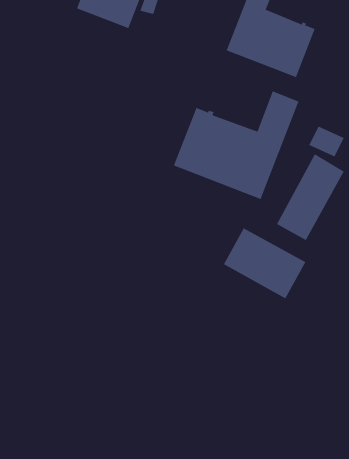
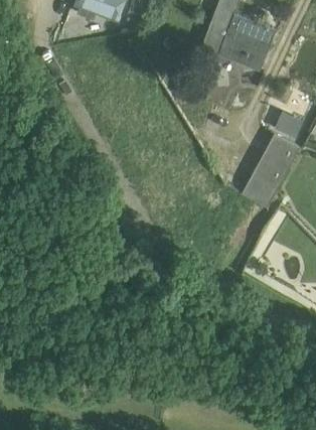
building: [173,91,299,200] -> none
building: [223,227,306,299] -> none

